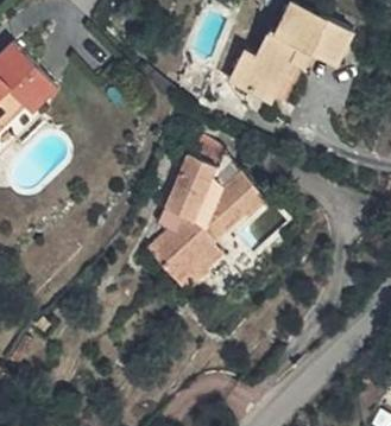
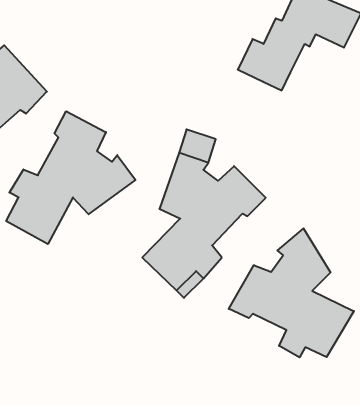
building: none -> [6,111,135,244]
building: none -> [229,228,354,357]

